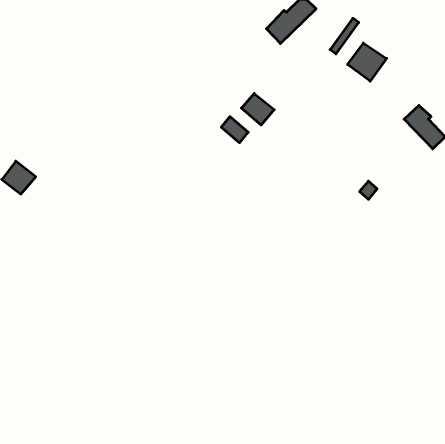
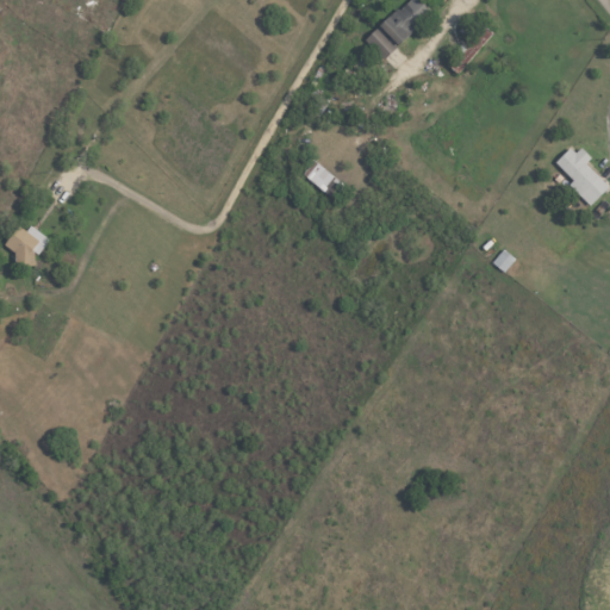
building: [348,43,387,81] -> none
building: [241,93,274,125] -> none

